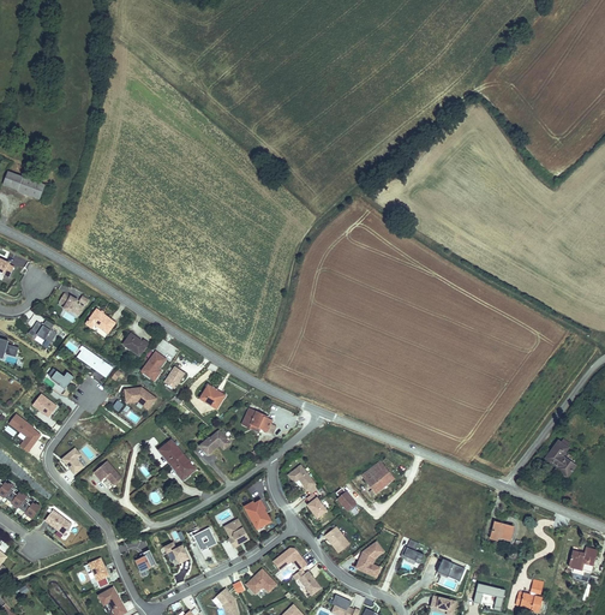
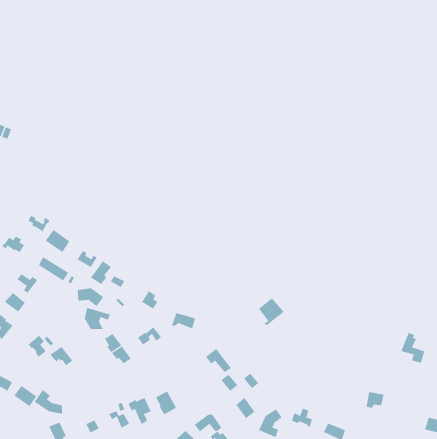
building: none -> [84,307,111,330]
building: [361,461,395,497] -> [258,298,285,326]
building: [242,497,274,529] -> none
building: none -> [34,389,63,414]

